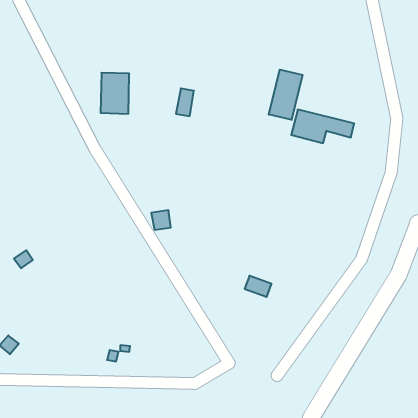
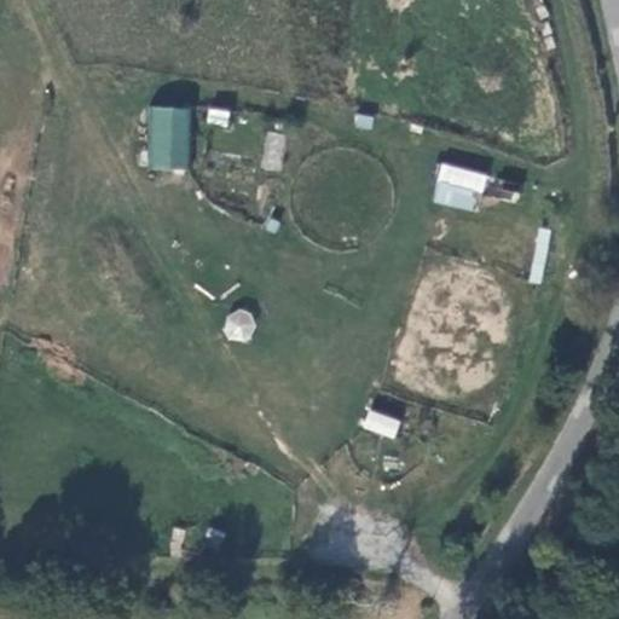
building: [269,70,303,120] -> none

